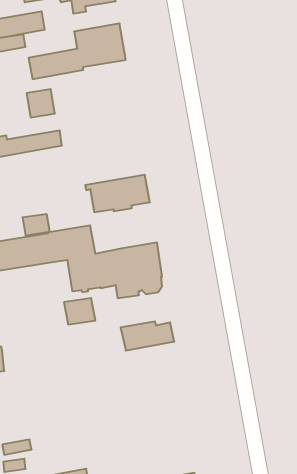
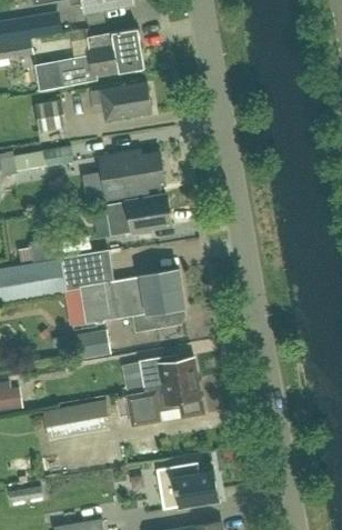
building: none -> [89,82,151,120]
building: none -> [98,149,163,200]
building: none -> [124,378,204,427]
building: none -> [43,400,111,441]
building: none -> [155,462,217,510]

